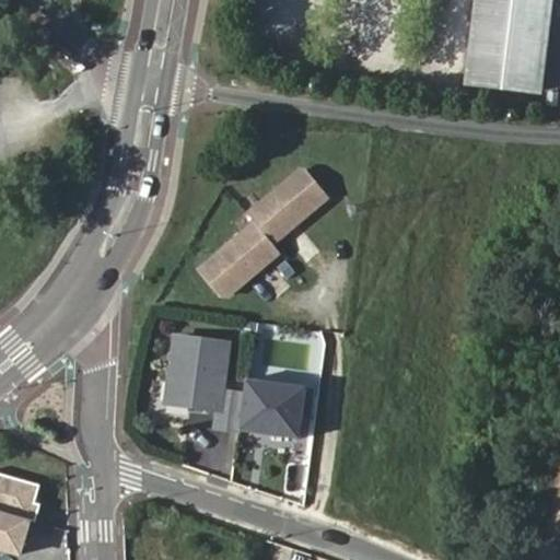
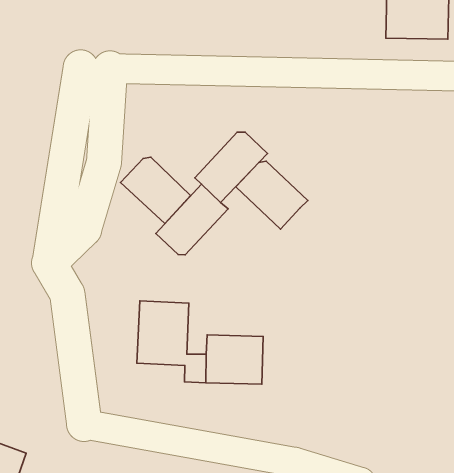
building: none -> [121,157,191,224]
building: none -> [236,161,308,229]

